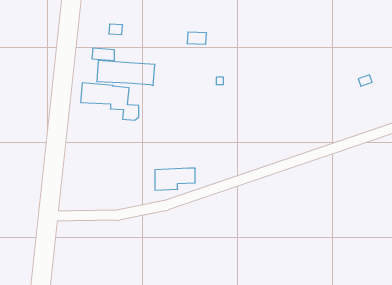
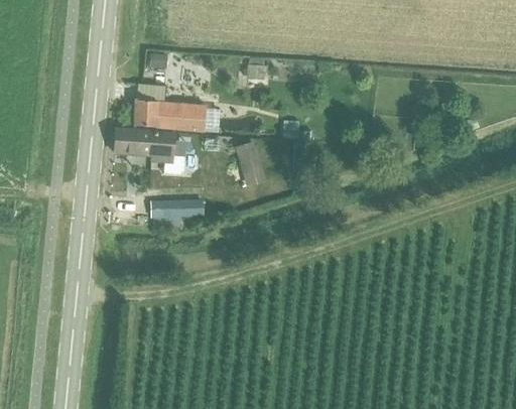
building: none -> [235,140,266,185]
building: [155,168,195,190] -> [153,198,204,226]

